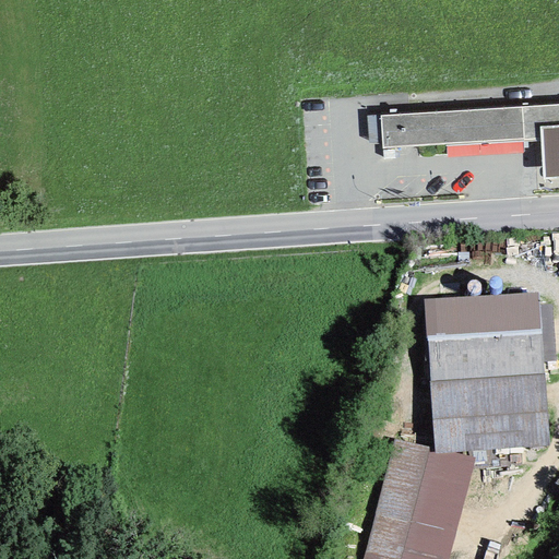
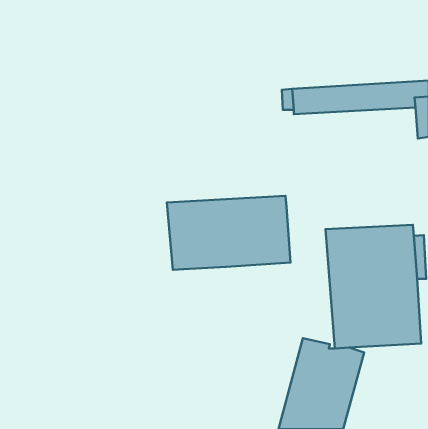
building: none -> [167,196,290,270]

